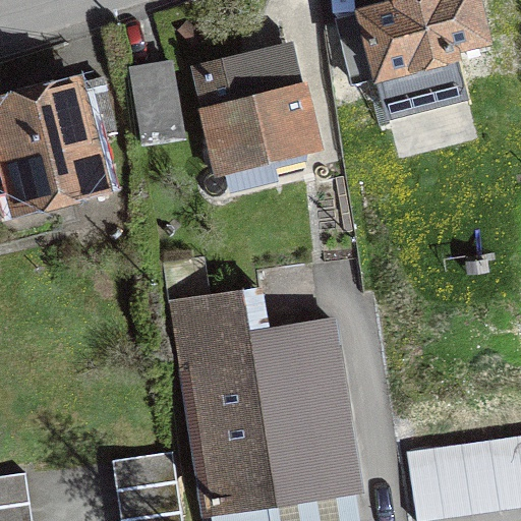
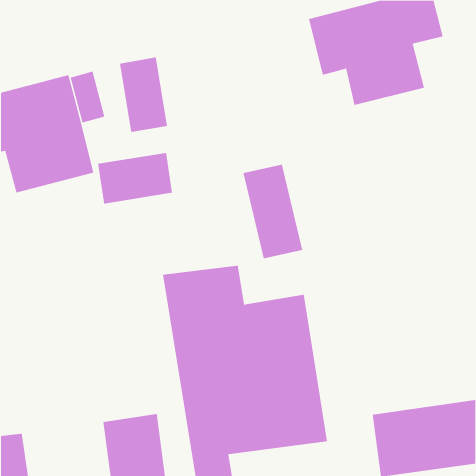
building: [200,52,310,167] -> none
building: none -> [98,152,173,204]
building: none -> [243,164,303,259]

